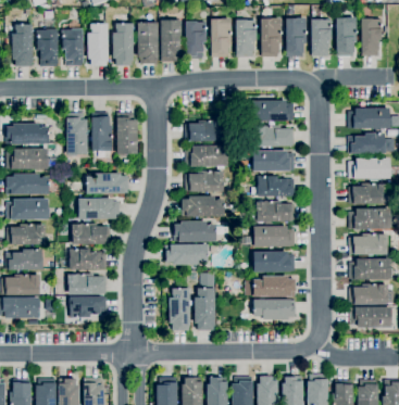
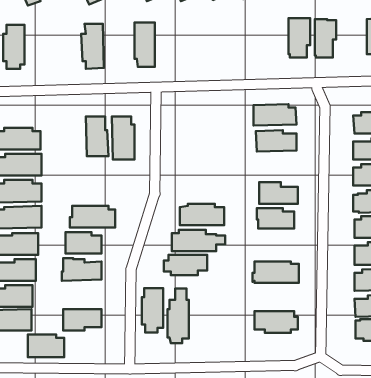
building: [336,17,357,56] -> none
building: [211,18,232,58] -> none
building: [261,18,282,58] -> none
building: [160,21,182,62] -> none
building: [236,21,257,58] -> none
building: [186,22,207,60] -> none
building: [62,24,84,66] -> none
building: [113,24,134,66] -> none
building: [37,29,58,67] -> none
building: [66,113,88,155] -> none
building: [185,121,224,141] -> none
building: [185,145,228,167] -> none
building: [250,151,295,173] -> none
building: [185,172,224,192] -> none
building: [86,174,128,194] -> none
building: [240,227,295,246] -> none
building: [67,274,102,295] -> [28,334,64,357]
building: [246,277,296,298] -> none
building: [195,289,215,331] -> [142,288,163,332]

